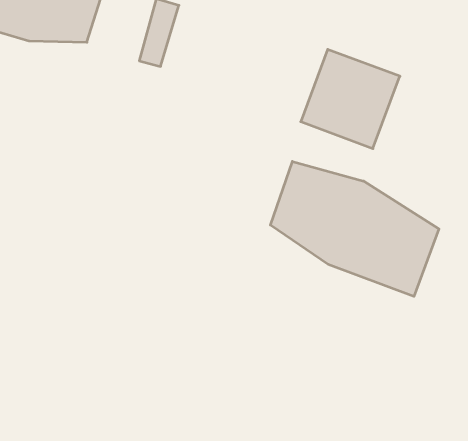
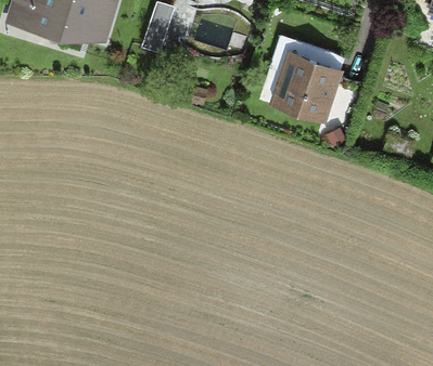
building: [270,161,439,296] -> none

